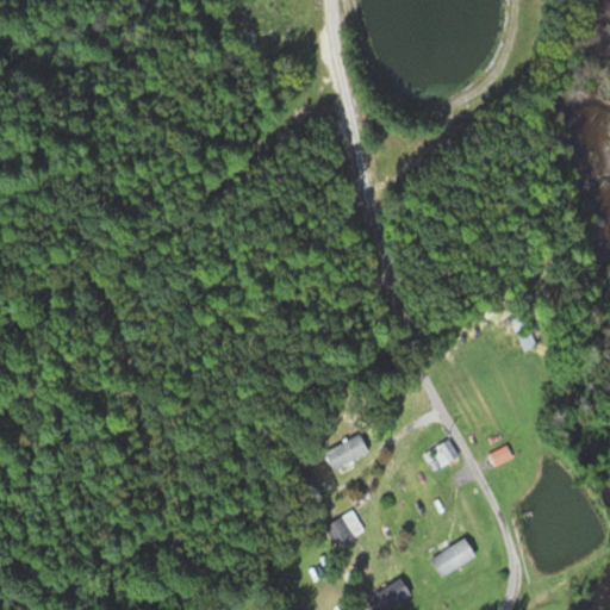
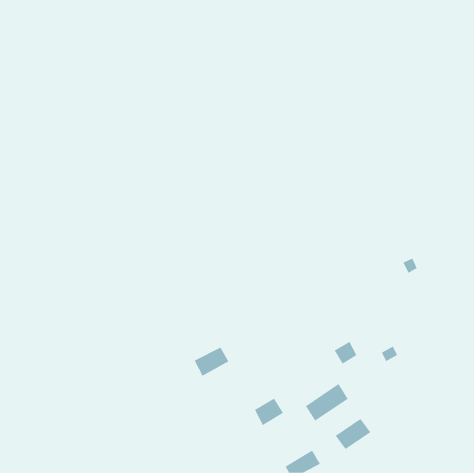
building: [324,432,369,471] -> [194,347,229,376]
building: none -> [305,383,348,422]

